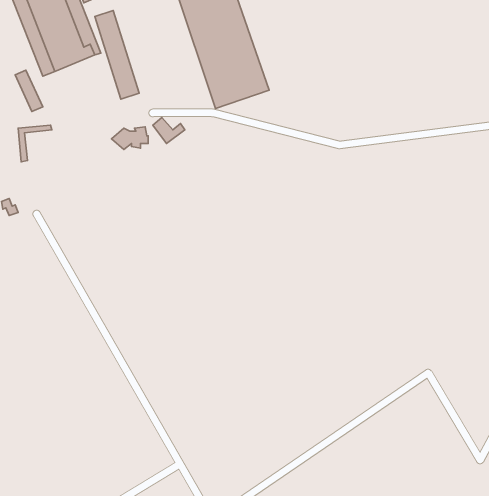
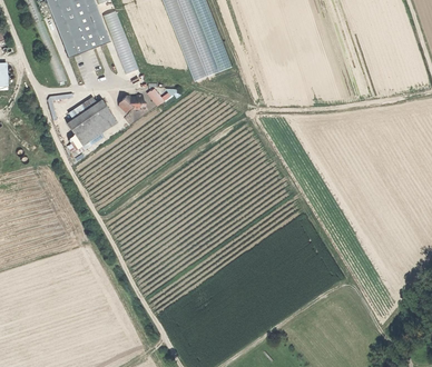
building: none -> [66,99,115,145]

